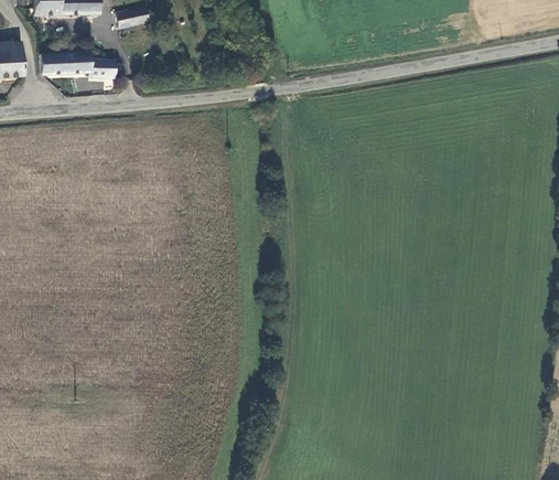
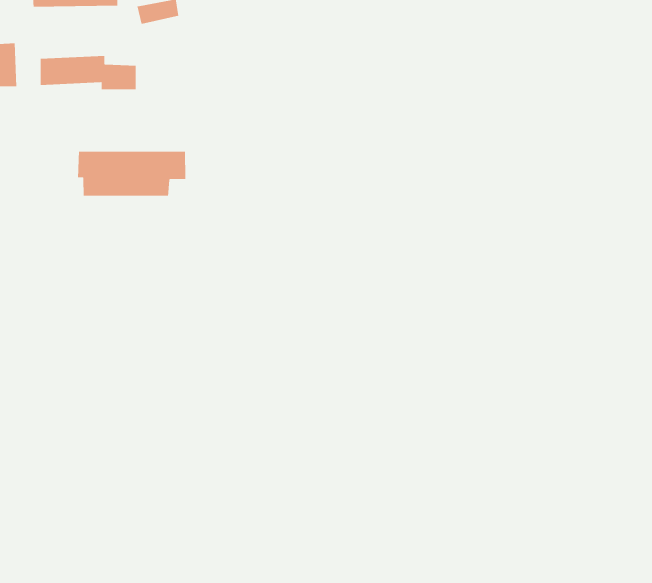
building: none -> [77,151,186,197]

